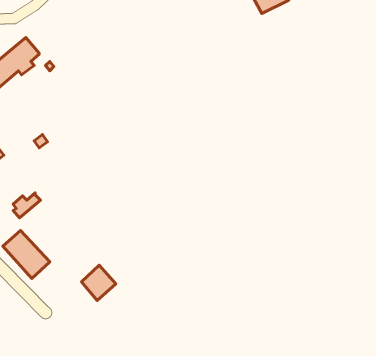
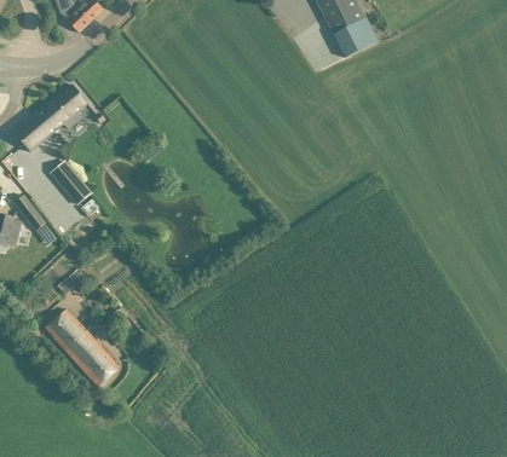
building: none -> [48,158,92,204]
building: [82,265,116,301] -> [79,345,119,386]

